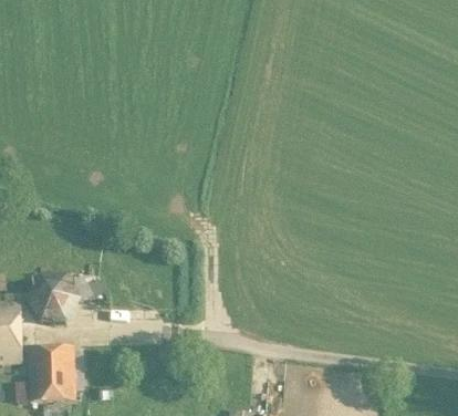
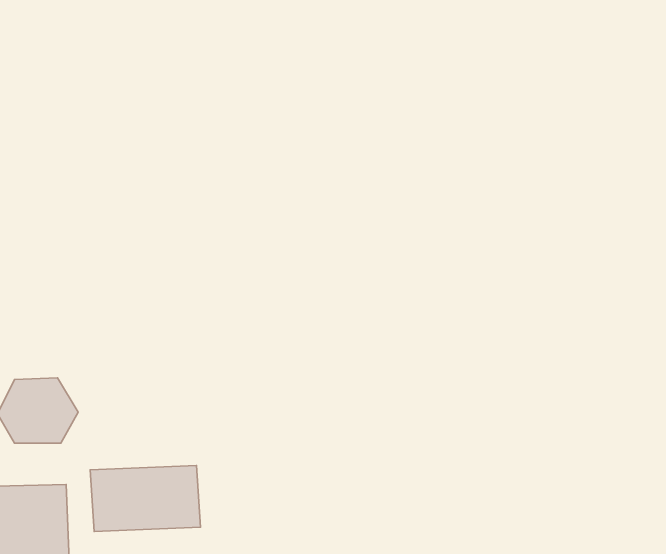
building: none -> [90,466,201,531]

